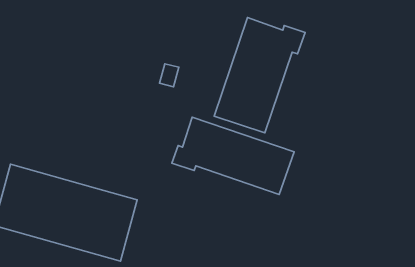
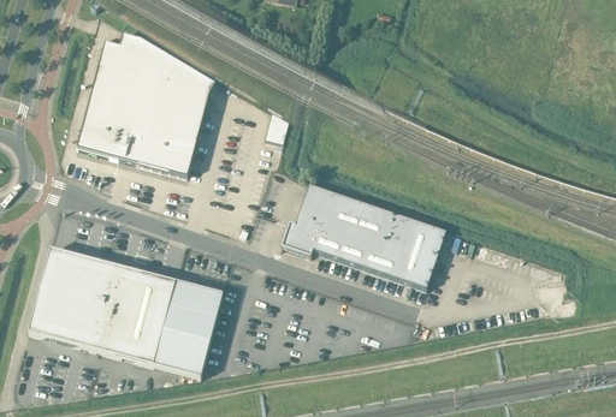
building: none -> [76,34,214,175]
building: [214,18,305,133] -> none

